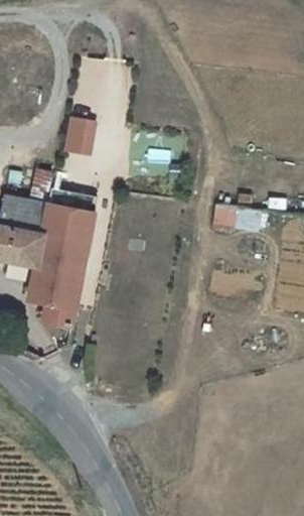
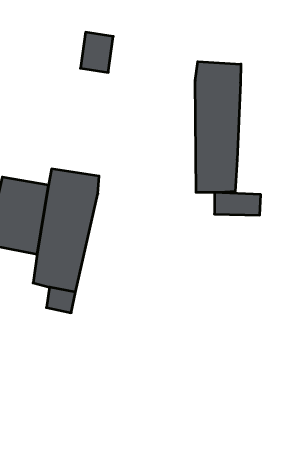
building: none -> [195,62,241,192]
building: [62,118,95,157] -> [80,32,113,72]

